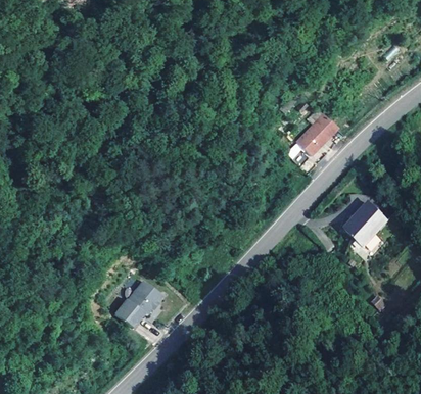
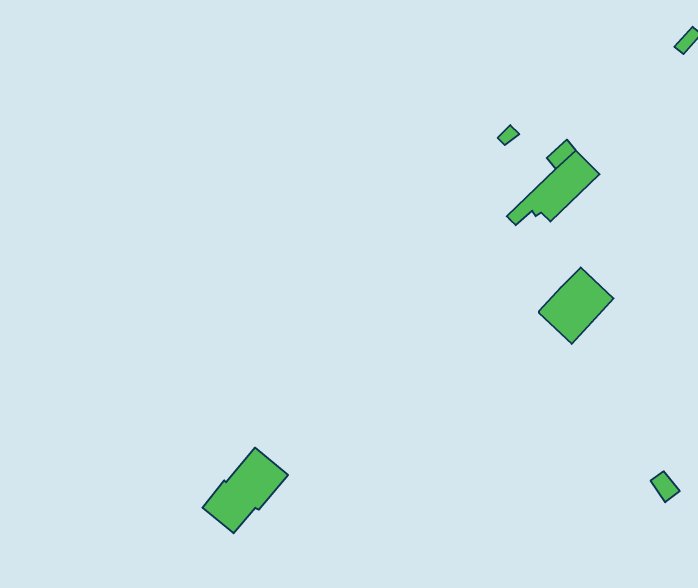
building: [346,202,388,245] -> [539,267,614,344]

